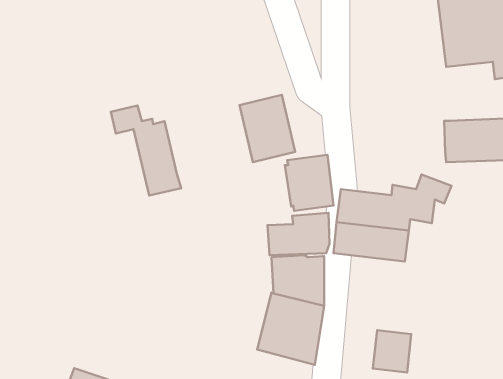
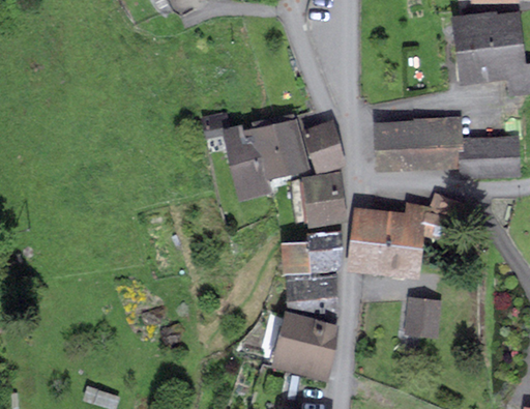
building: none -> [373,116,463,172]
building: none -> [301,119,346,174]
building: [111,106,181,196] -> [200,111,270,201]
building: [373,330,411,373] -> [404,296,442,339]

